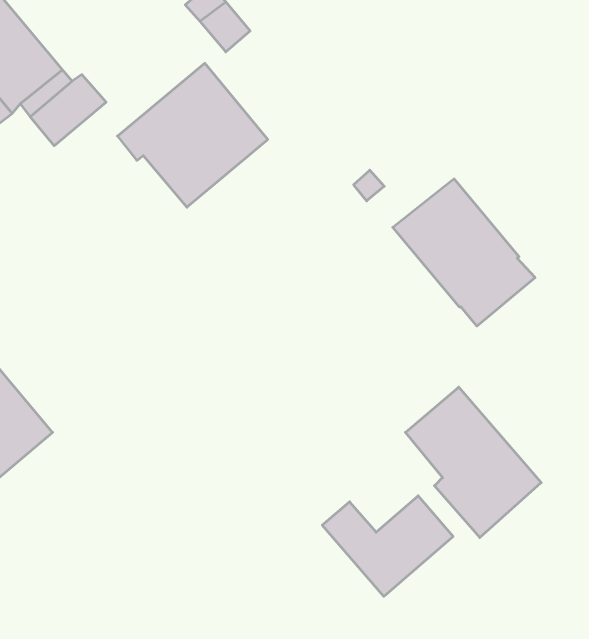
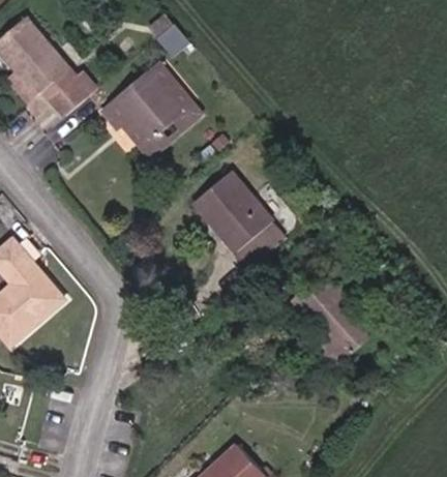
building: [393,179,535,326] -> [192,171,284,265]
building: [322,496,453,596] -> none

